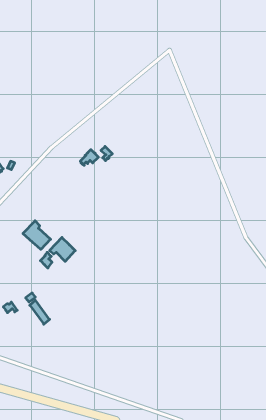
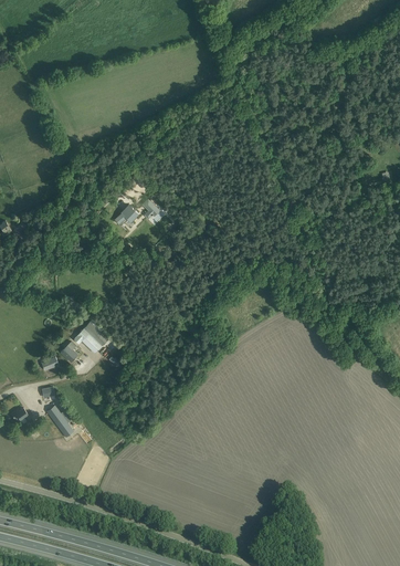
building: [23,221,51,249] -> none

